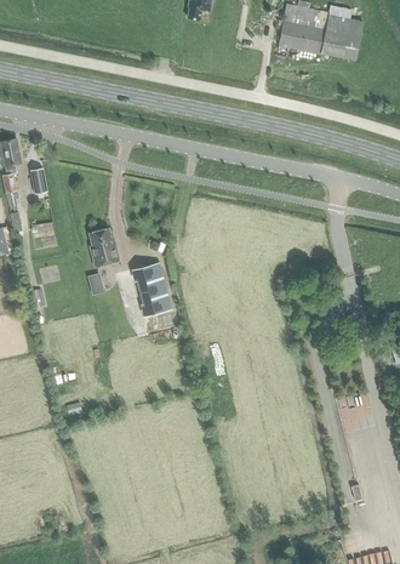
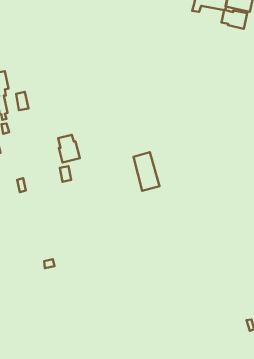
building: none -> [222,10,247,29]
building: [133,263,170,317] -> [133,152,160,191]

